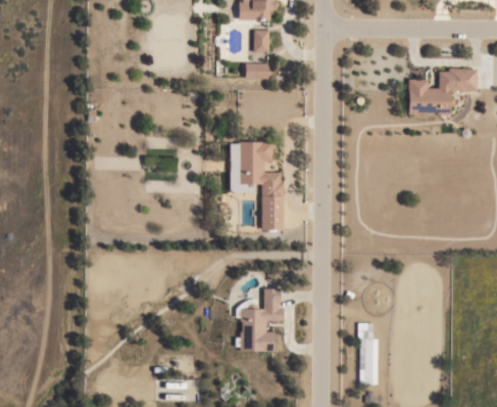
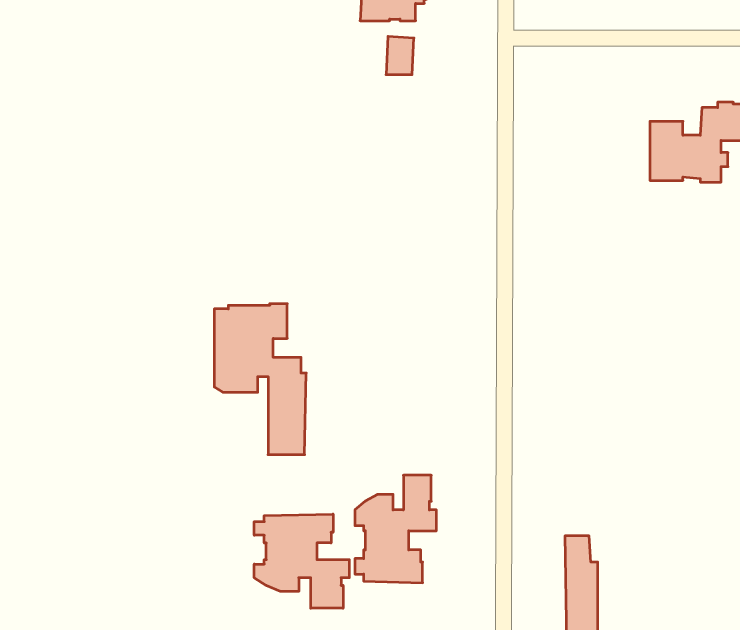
building: [246,62,269,79] -> none
building: [231,140,285,229] -> [214,304,306,455]
building: none -> [254,514,349,608]

